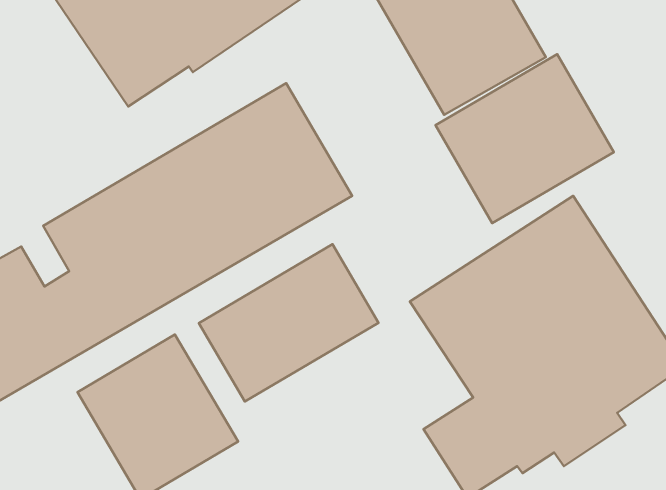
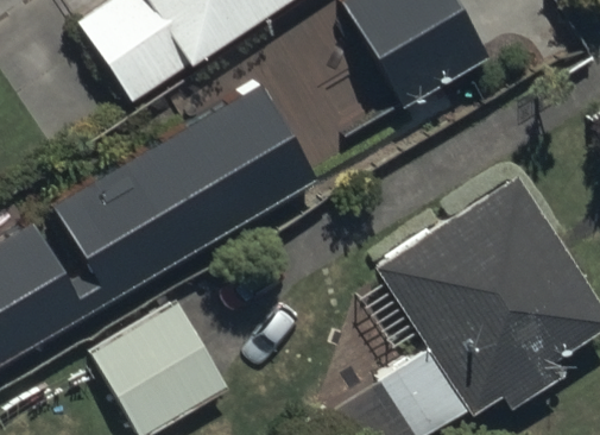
building: [435,54,614,223] -> none
building: [199,244,379,402] -> none

